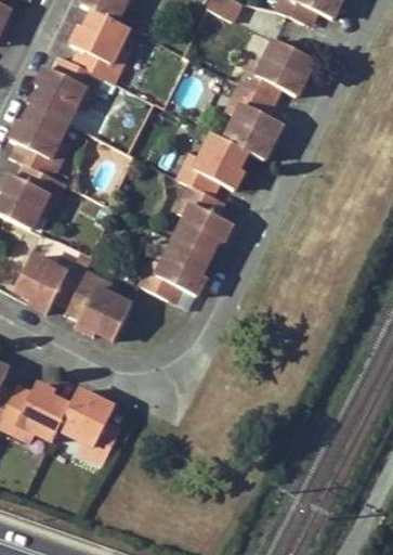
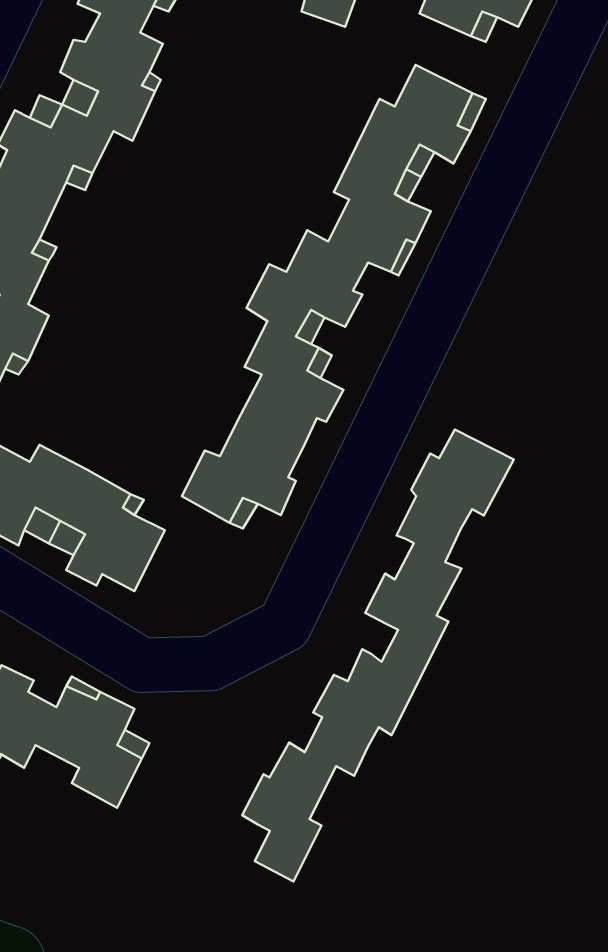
building: none -> [242,430,514,881]

